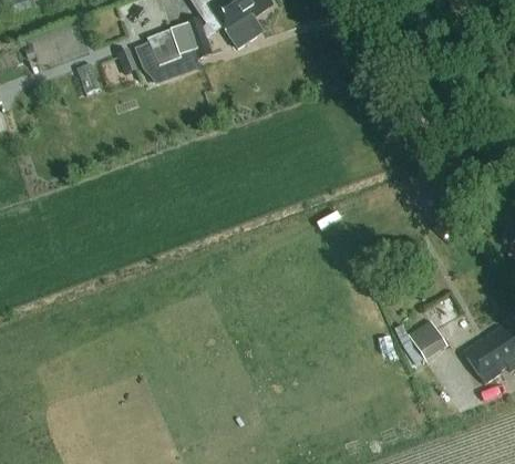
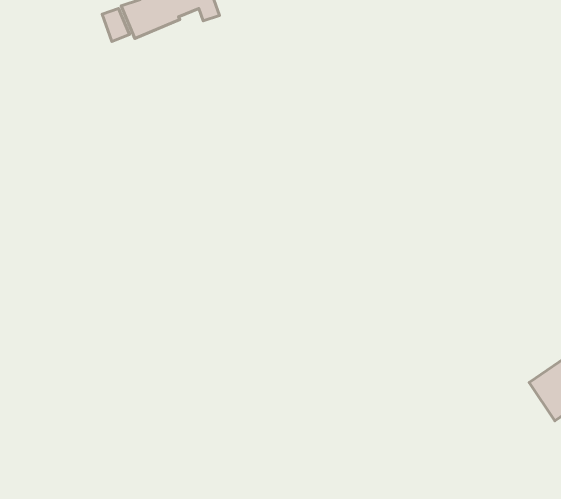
building: [409,320,449,361] -> none

